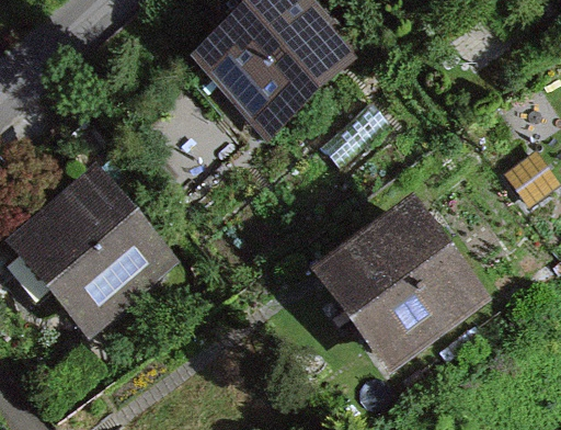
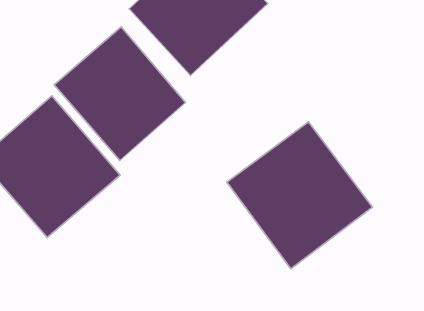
building: none -> [54,27,186,160]

